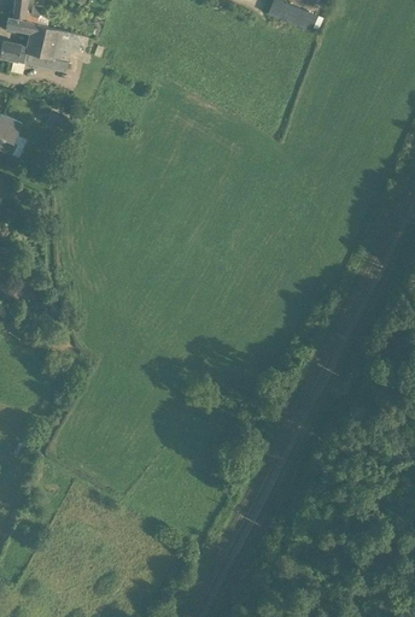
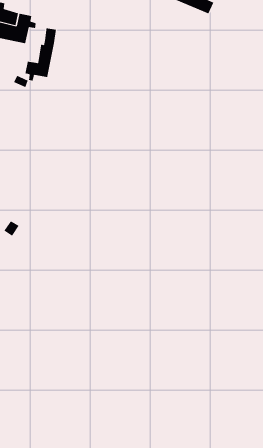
building: none -> [25,27,57,82]

